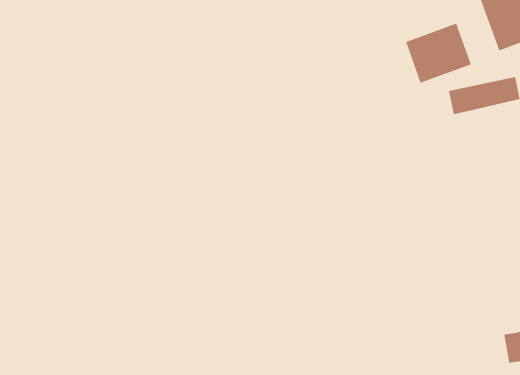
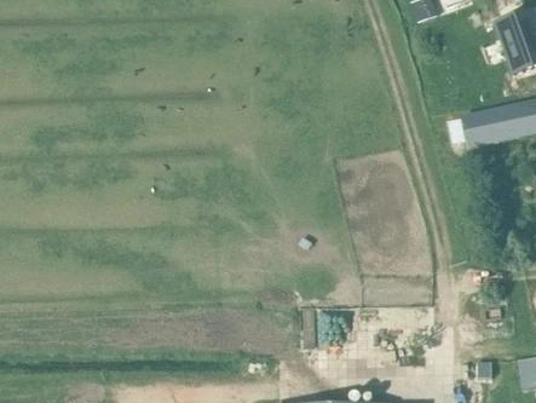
building: [405,23,472,83] -> none

